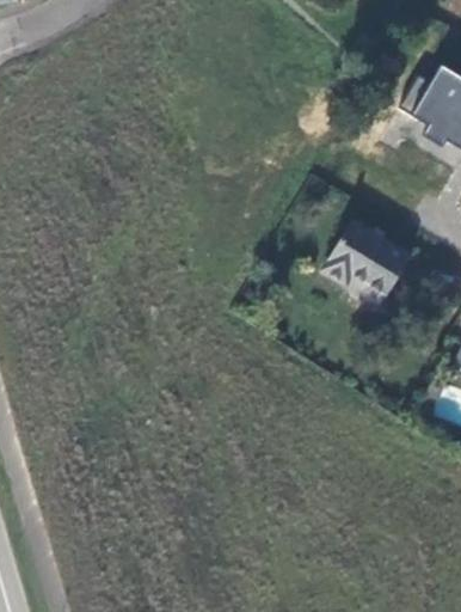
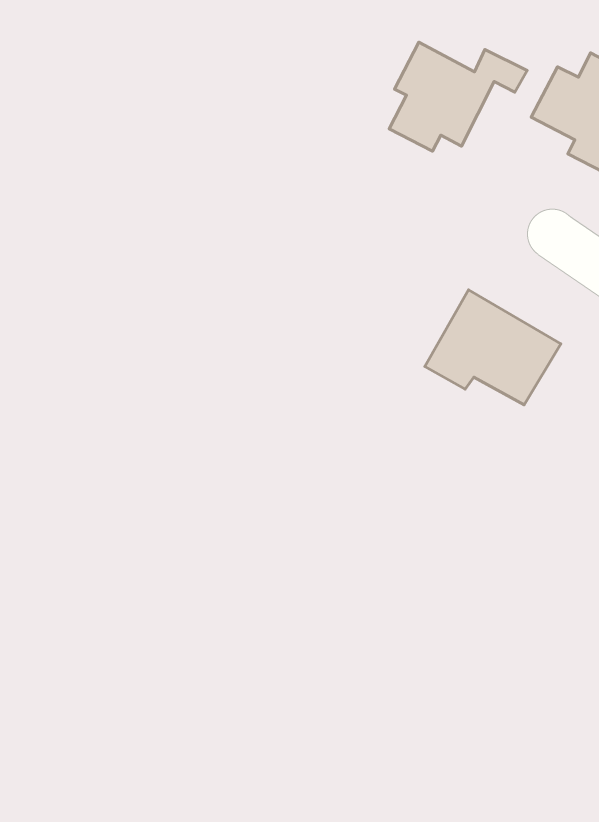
building: none -> [389,42,527,151]

